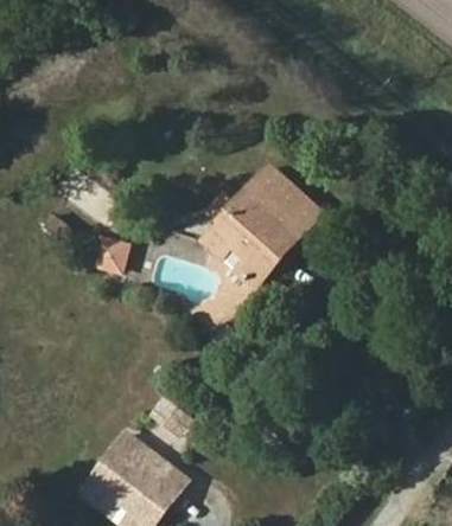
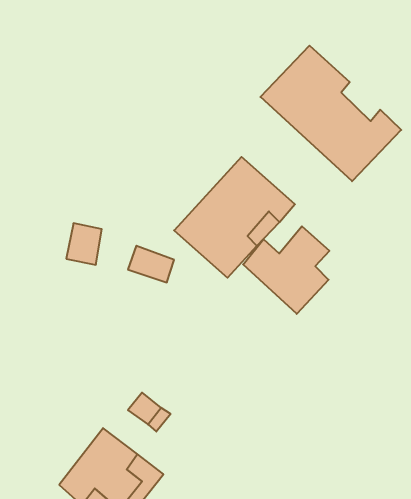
building: none -> [260,46,401,181]
building: none -> [243,226,329,314]

